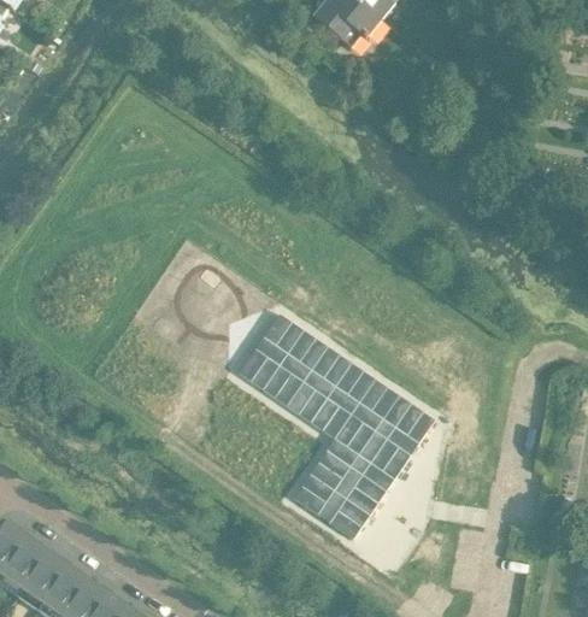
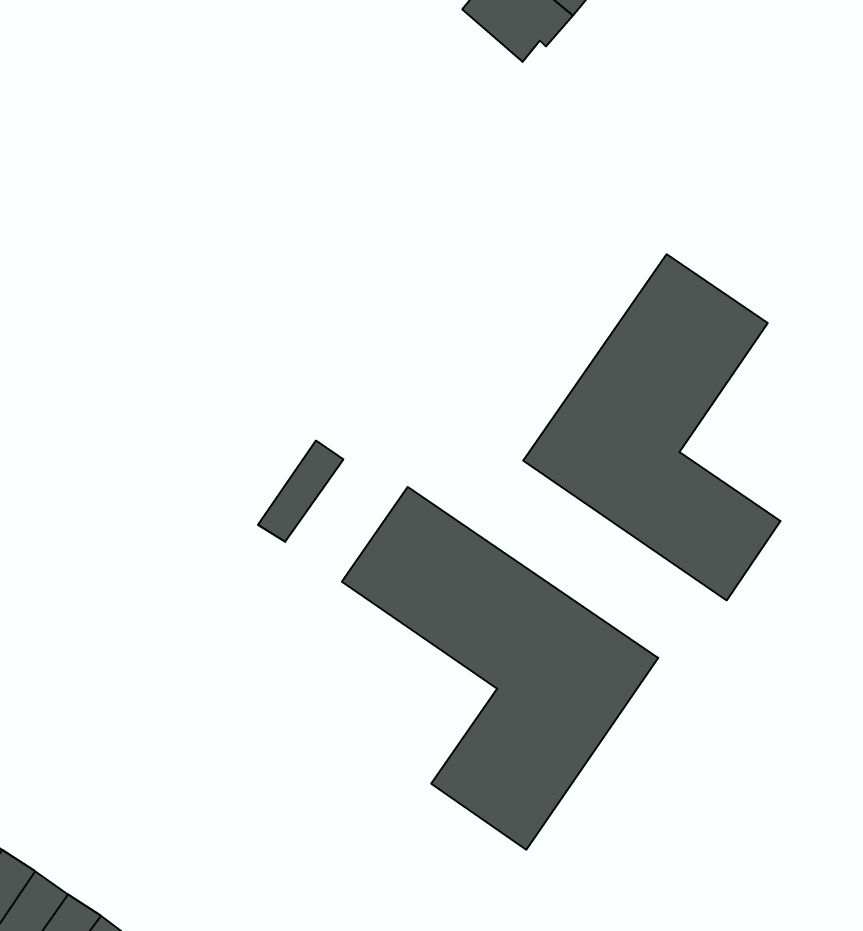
building: none -> [523,254,781,600]
building: none -> [258,441,343,542]

